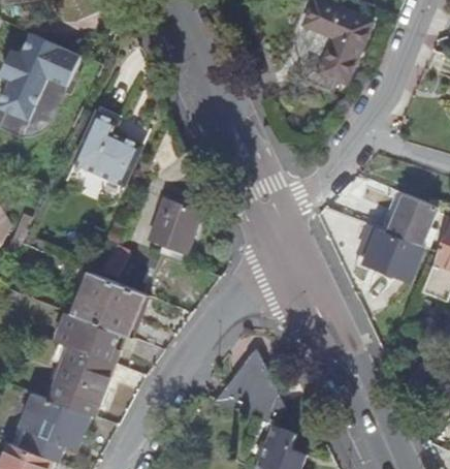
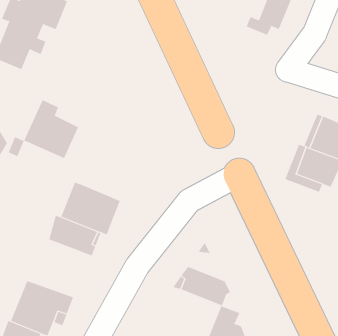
building: [73,112,141,185] -> [24,100,79,159]
building: [150,197,201,252] -> none
building: [52,343,115,415] -> none

